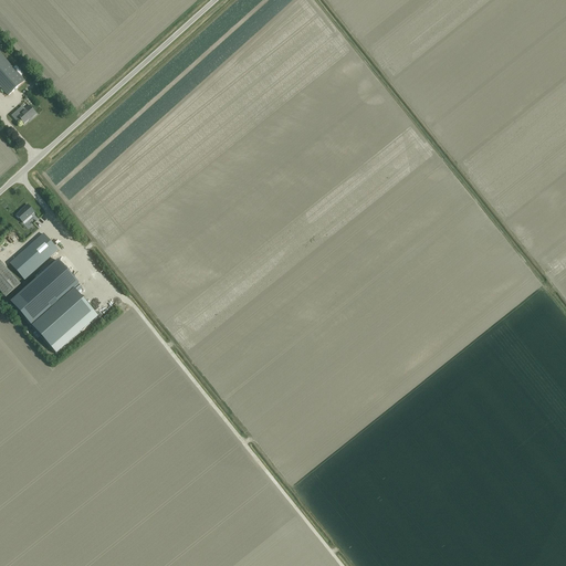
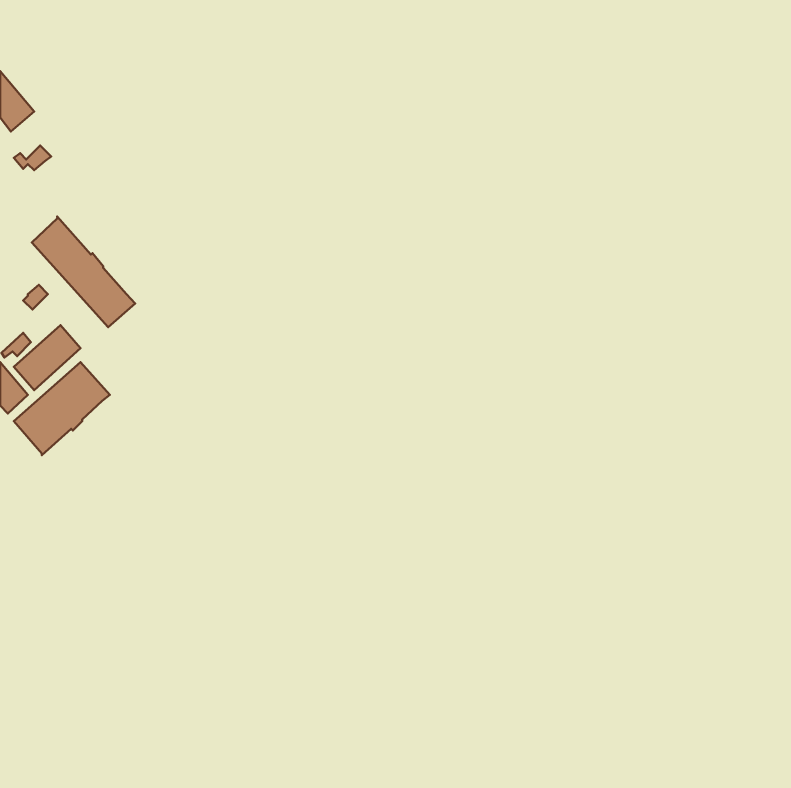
building: none -> [32,217,135,327]
building: [32,287,93,347] -> none

